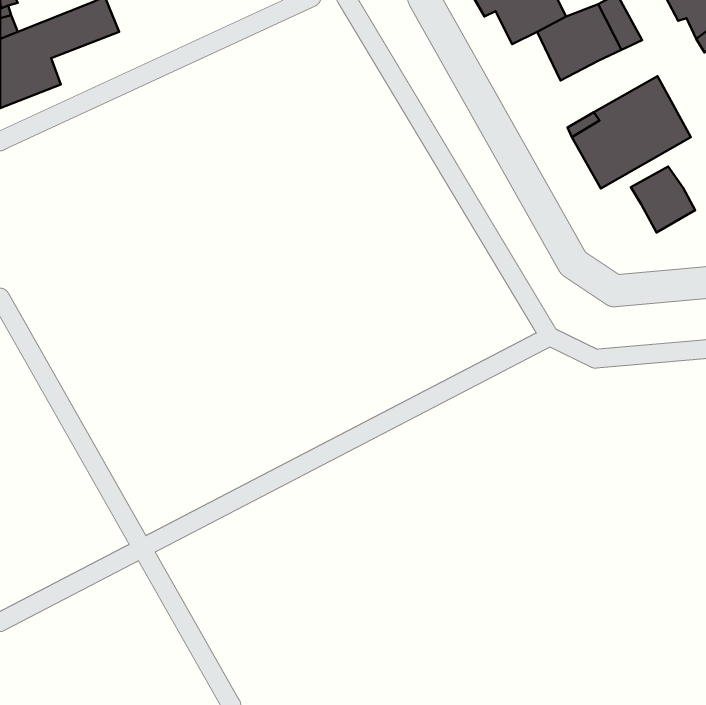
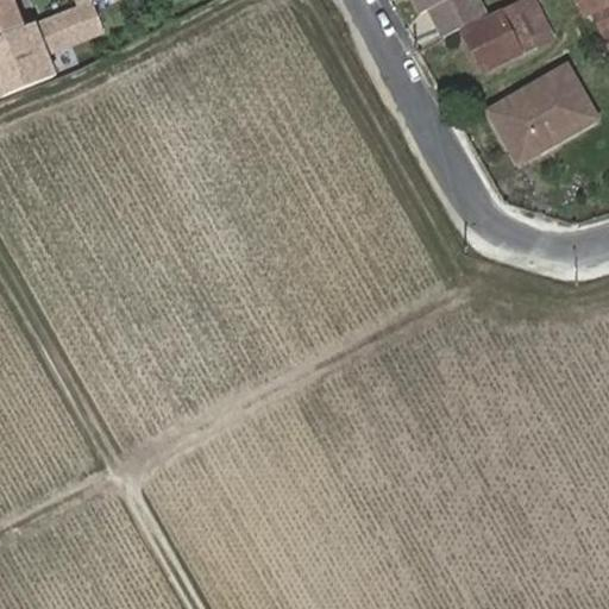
building: [631,167,695,232] -> none

